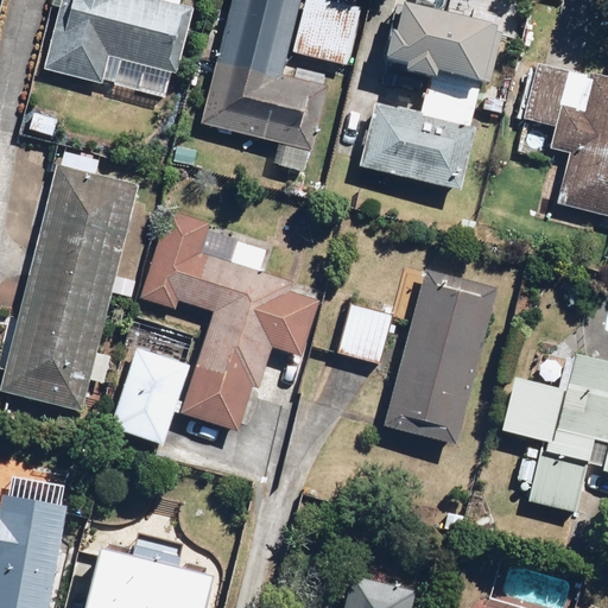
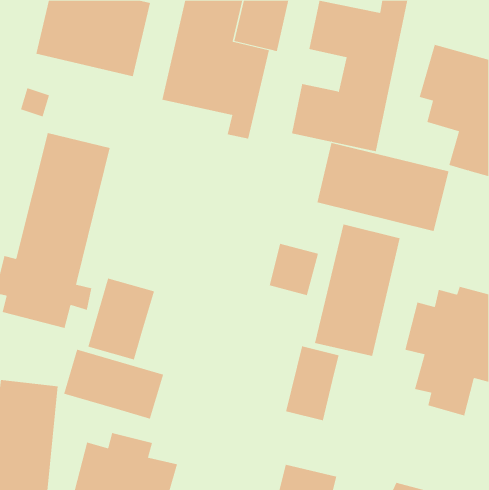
building: none -> [317,142,449,232]
building: [137,213,319,432] -> none
building: none -> [286,345,339,421]
building: none -> [63,349,164,419]

